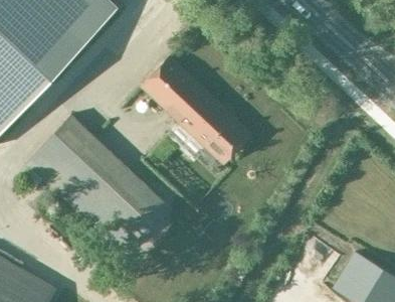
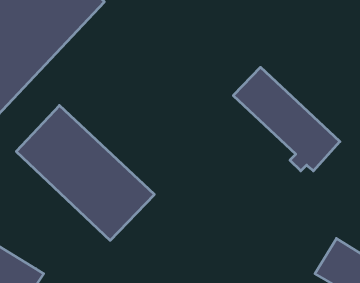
building: [141,57,250,164] -> [233,67,340,171]

